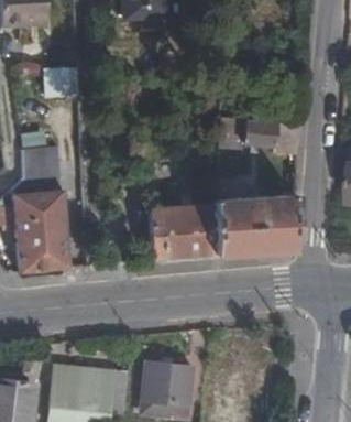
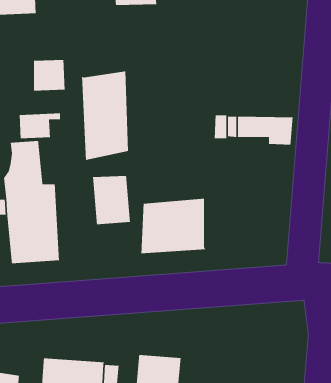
building: none -> [81,71,129,161]
building: none -> [92,175,131,225]
building: [210,195,293,253] -> none

